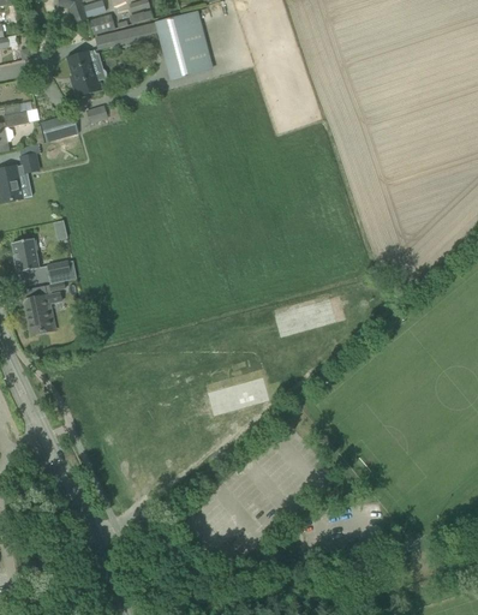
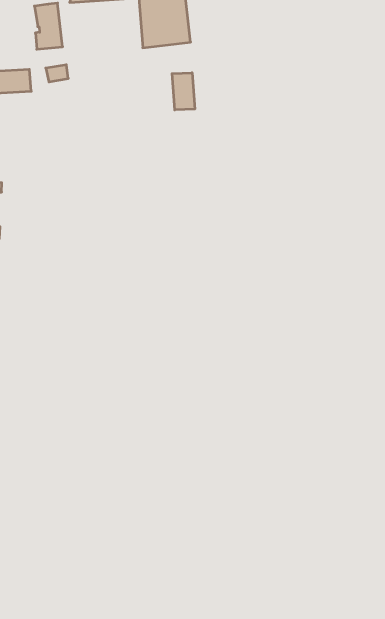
building: none -> [172,73,195,110]

